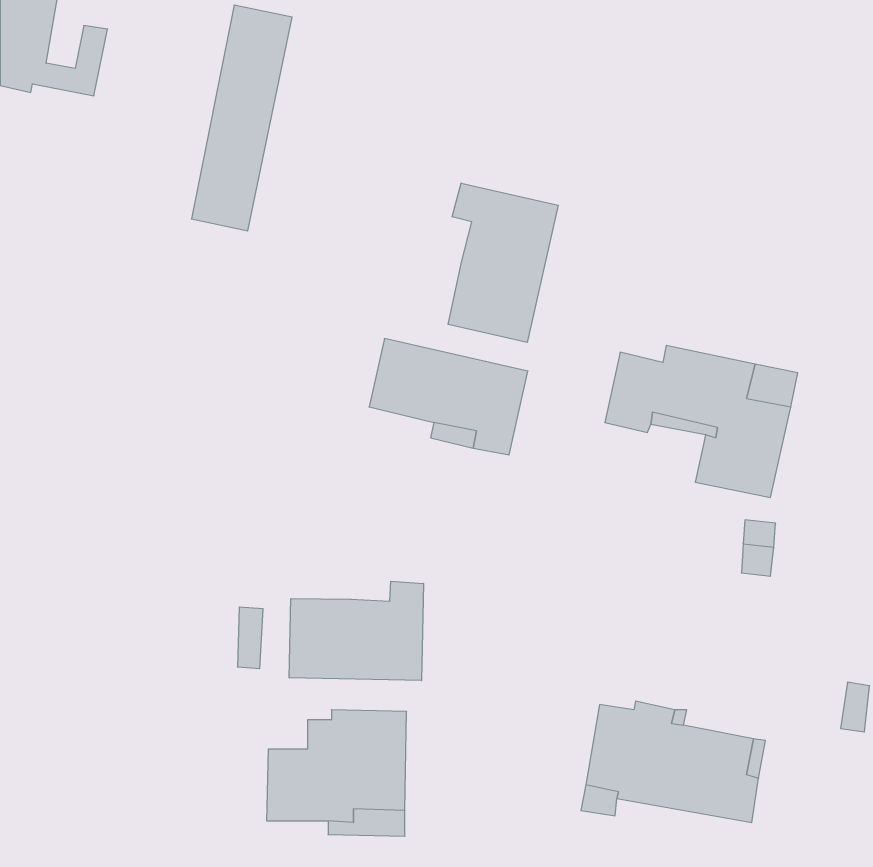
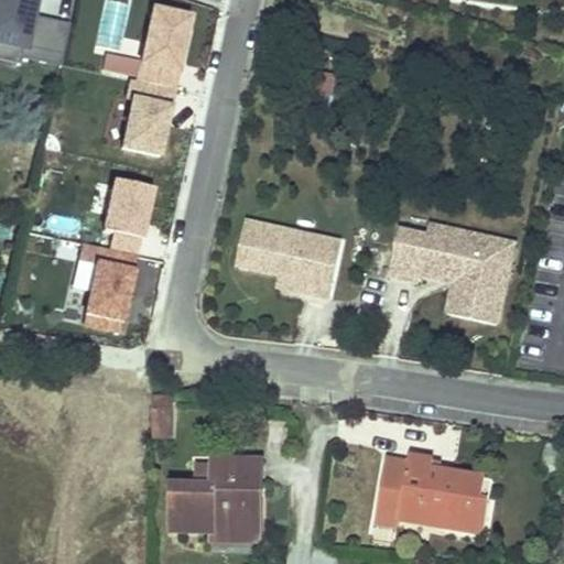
building: [448,183,558,342] -> none
building: none -> [80,177,151,333]
building: [289,581,423,681] -> none

